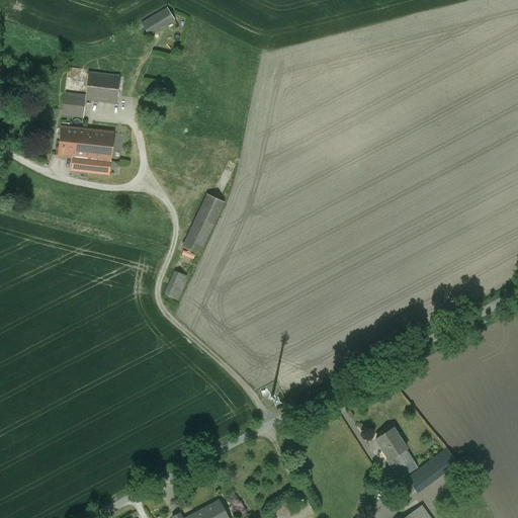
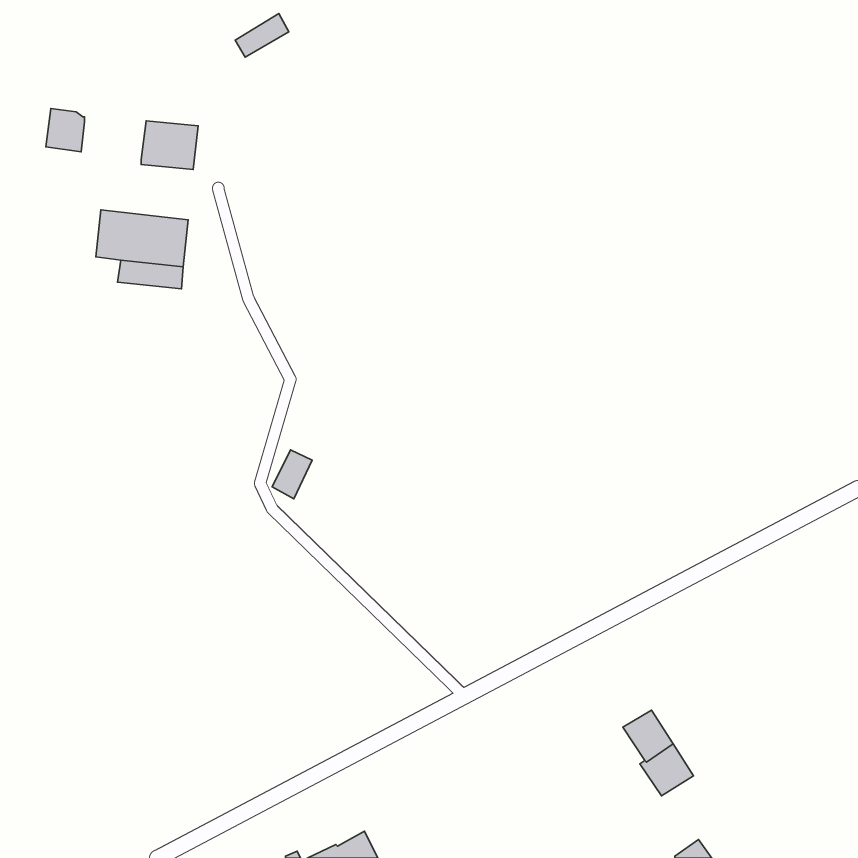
building: [62,91,85,117] -> [46,108,85,152]
building: [182,194,224,254] -> none
building: [407,448,456,492] -> none

